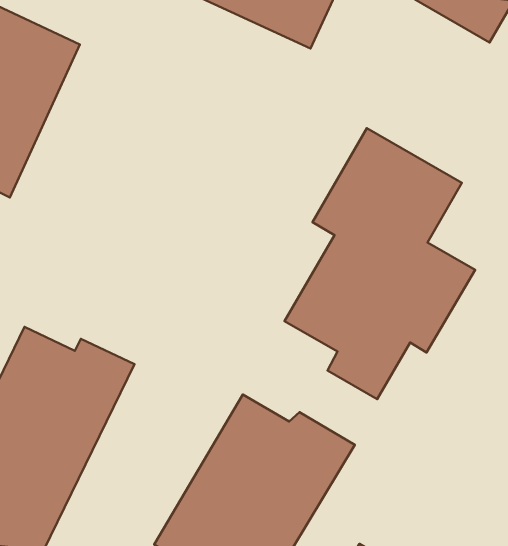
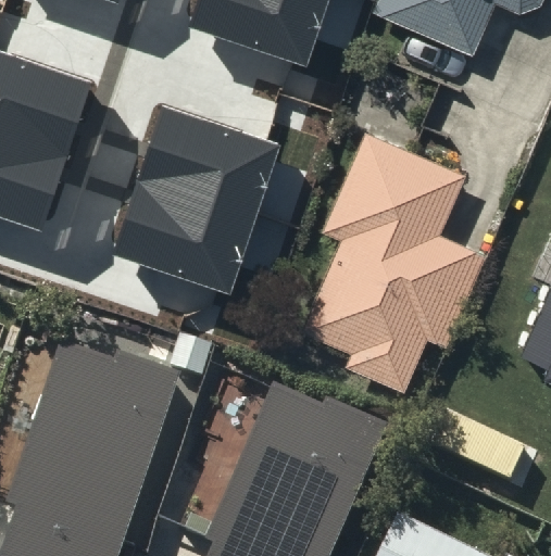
building: none -> [113,105,278,292]

